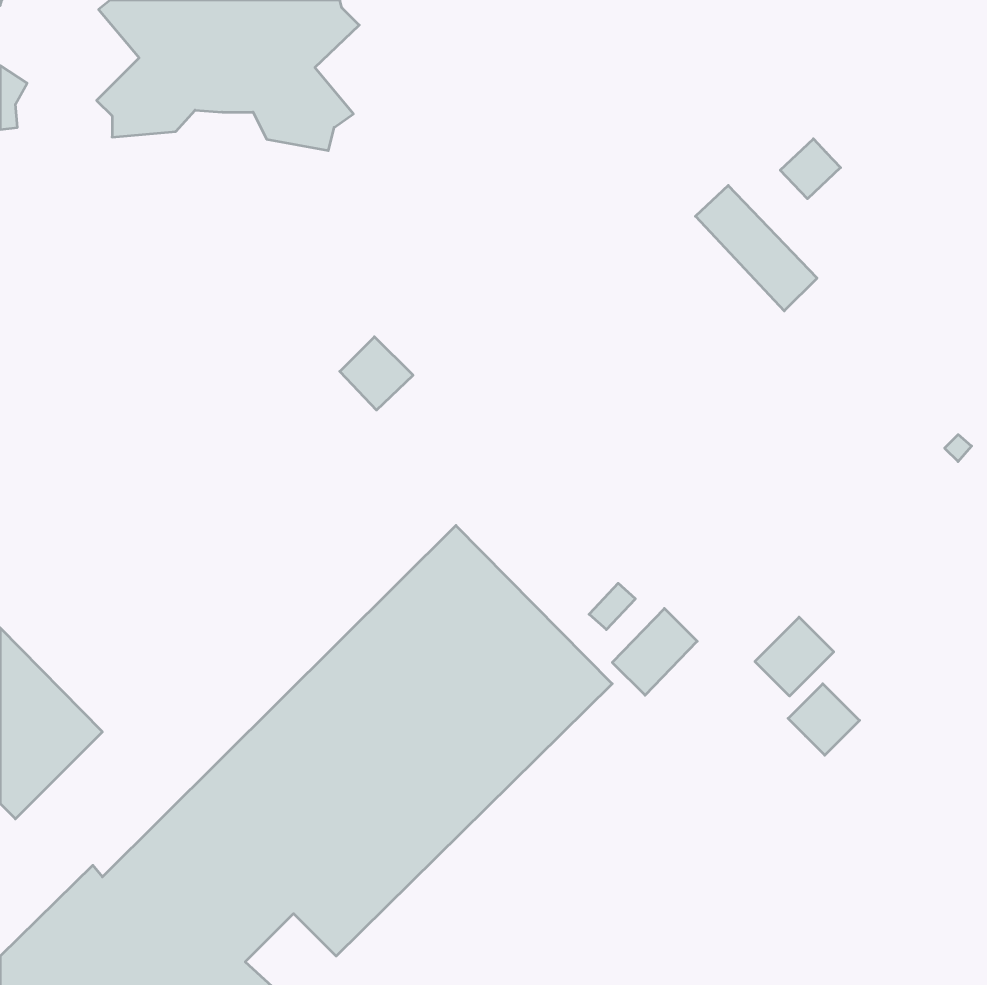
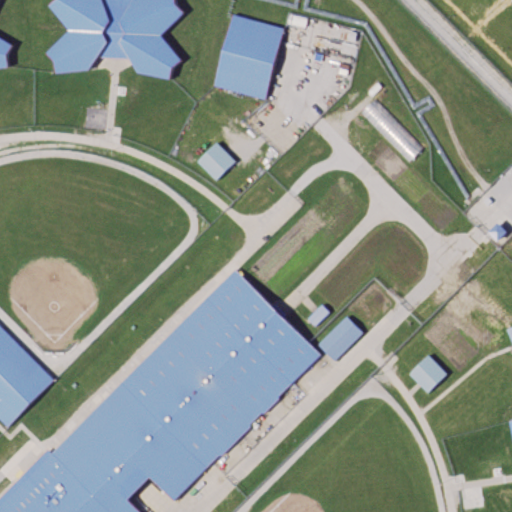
building: none -> [214,13,285,100]
building: [780,139,841,199] -> none
building: [340,337,413,410] -> [198,142,236,180]
building: [755,617,834,696] -> none

